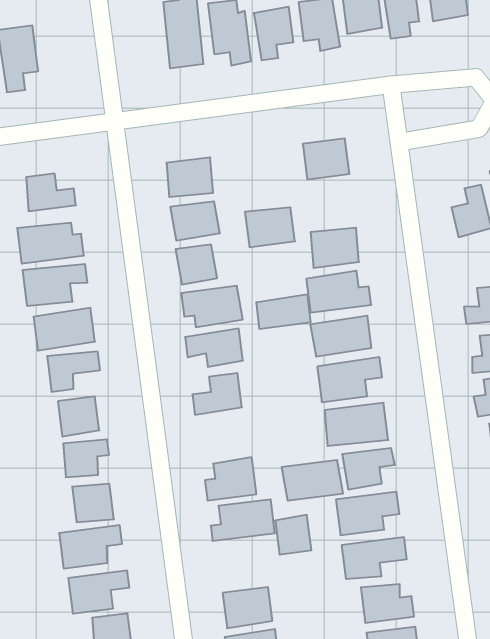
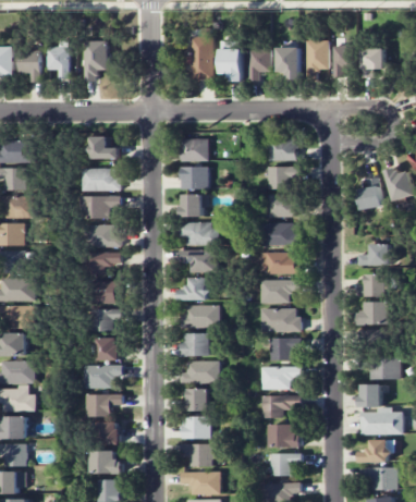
building: [245,208,295,247] -> [268,166,297,188]
building: [256,294,310,329] -> none
building: [282,460,343,501] -> [183,305,220,327]
building: [275,515,311,554] -> [188,388,209,411]

